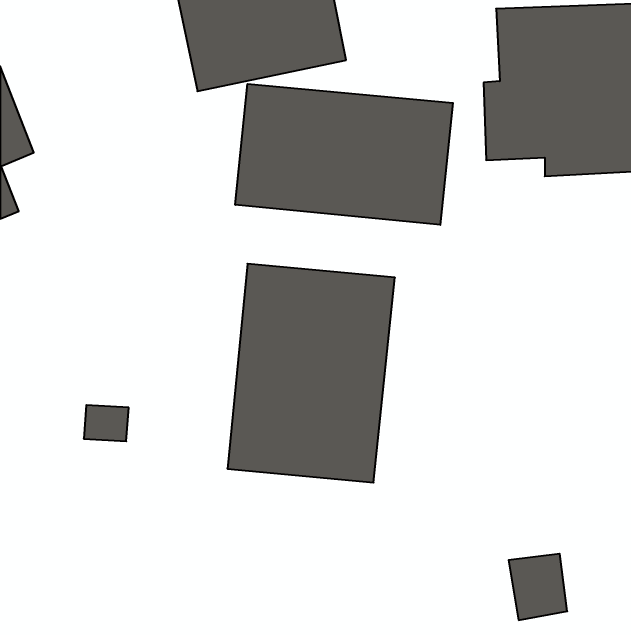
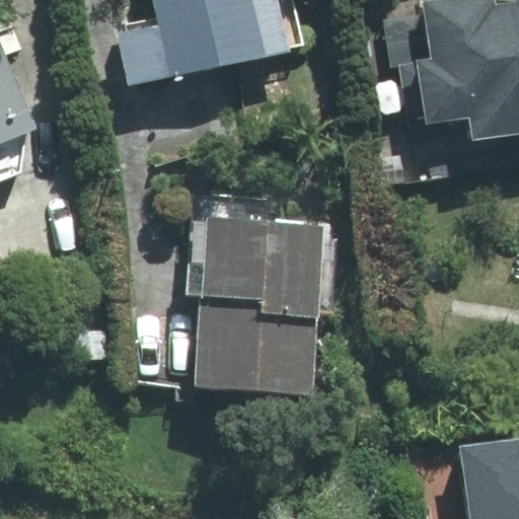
building: [235,84,453,225] -> none

